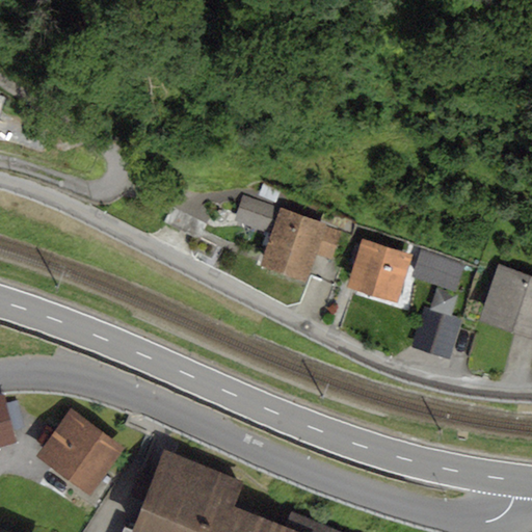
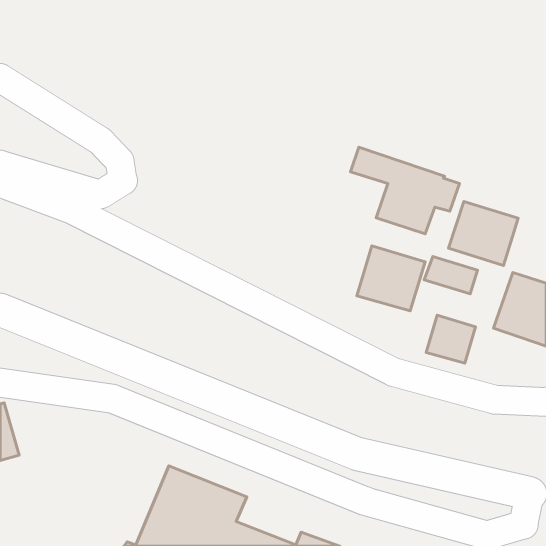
building: none -> [448,202,518,265]
building: [235,196,341,281] -> [350,147,459,234]
building: [35,408,124,497] -> none

